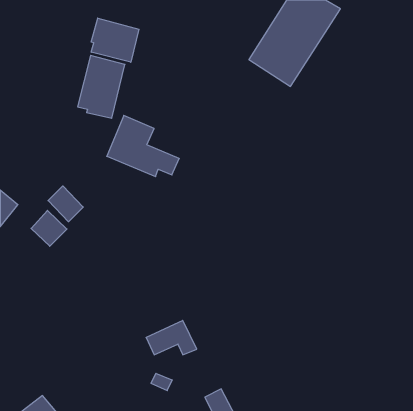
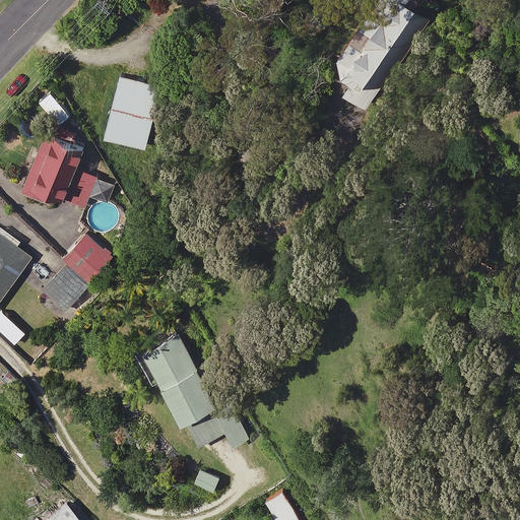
building: [91,18,139,62] -> none
building: [107,115,179,177] -> [24,133,115,209]
building: none -> [140,333,213,422]

